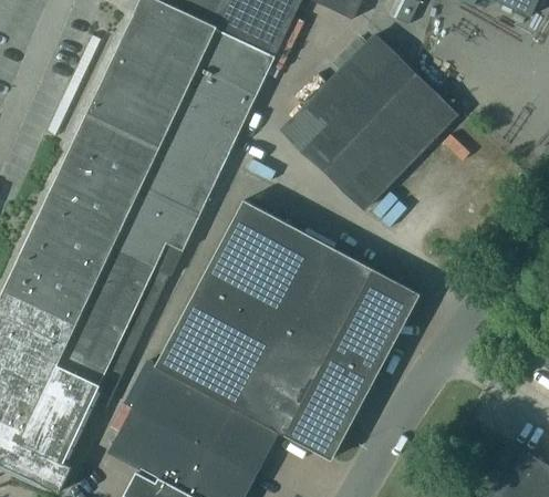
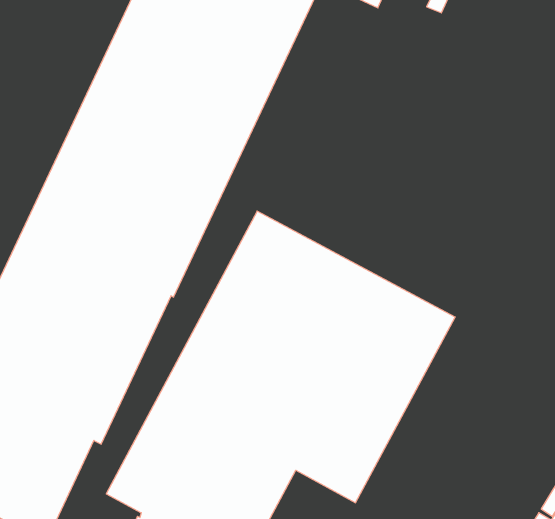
building: [281,33,455,209] -> none

